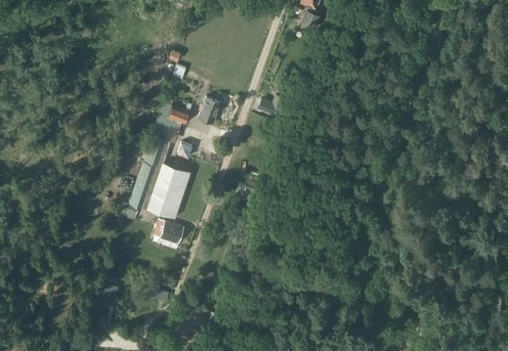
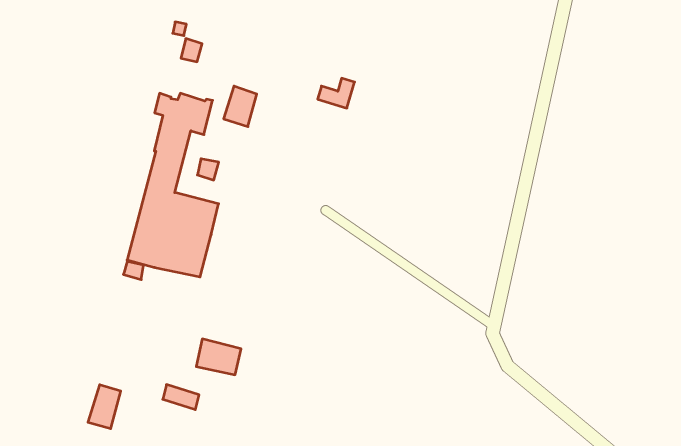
building: [155,219,184,244] -> [196,339,241,375]

